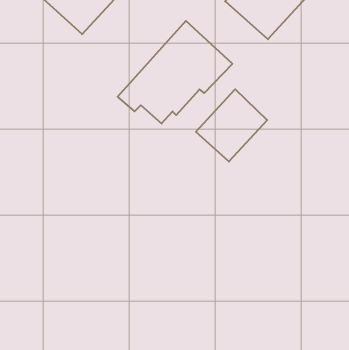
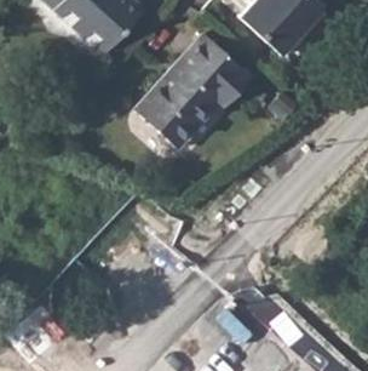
building: [196,89,267,162] -> none

